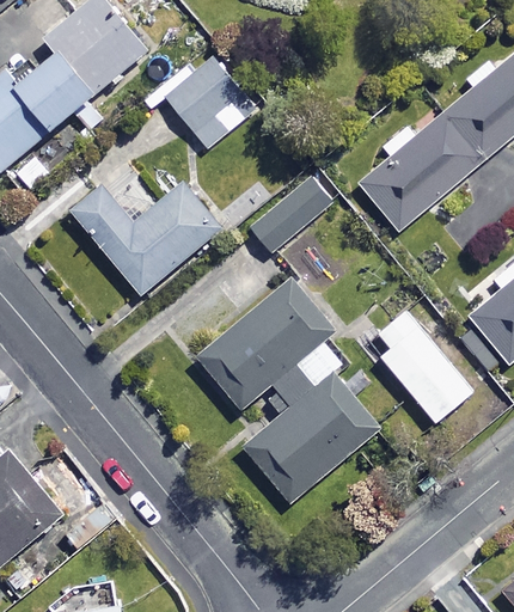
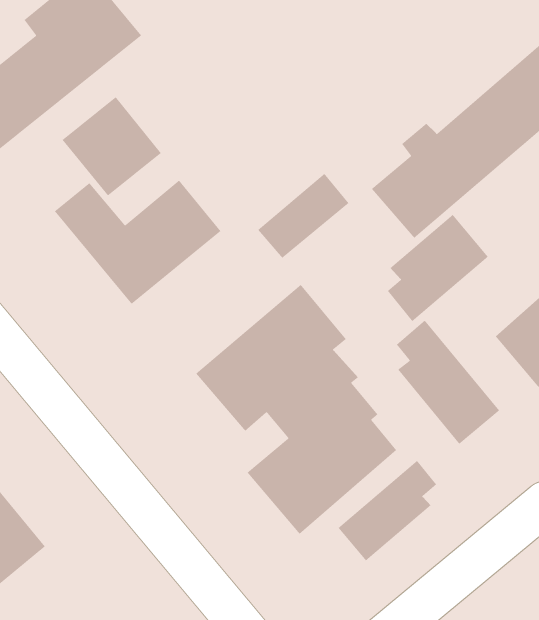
building: [164,59,255,149] -> [62,96,162,197]
building: none -> [387,214,489,322]
building: none -> [338,460,437,562]

